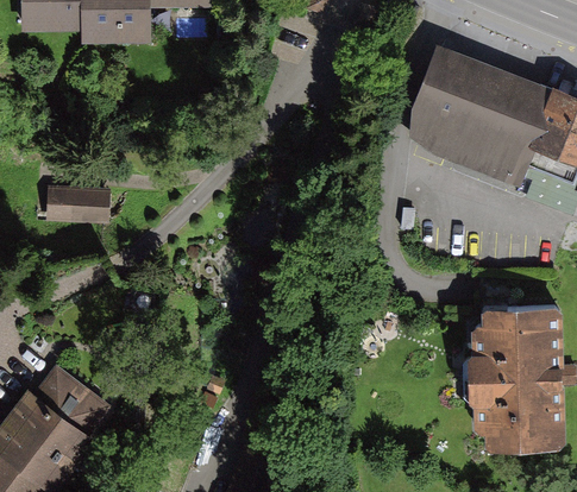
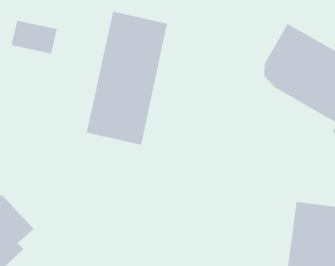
building: none -> [86,11,167,146]
building: [36,185,100,227] -> [11,20,57,54]

